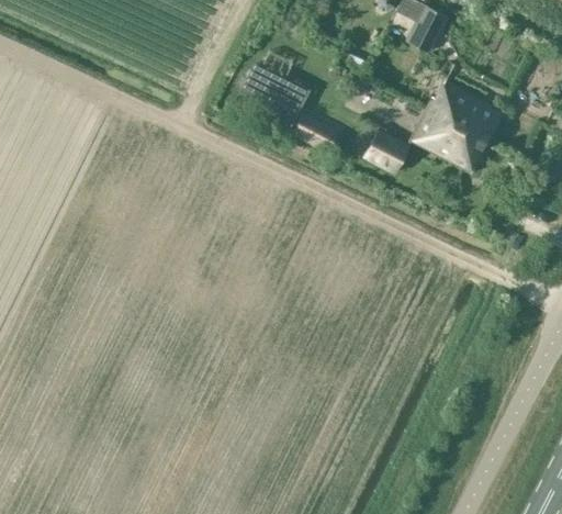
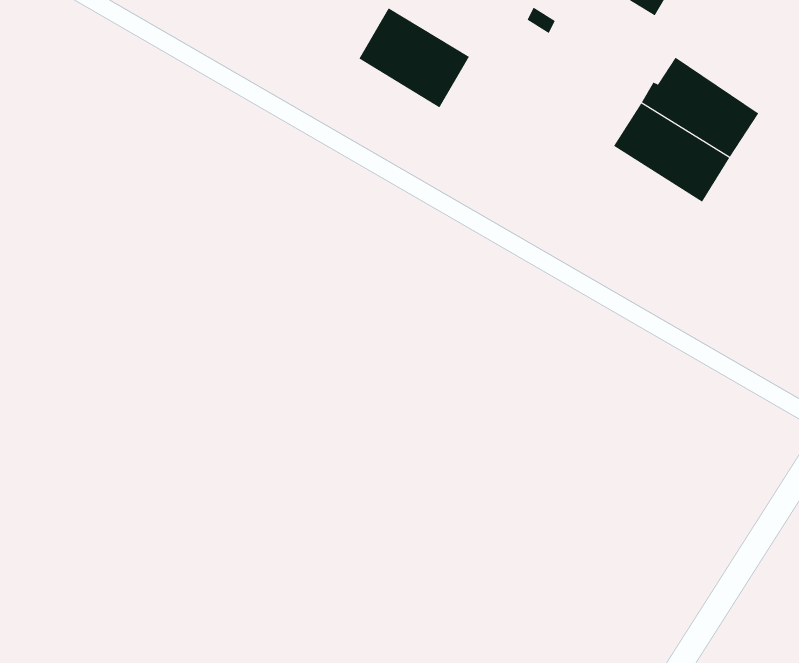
building: [291,114,329,146] -> none
building: [366,127,407,169] -> none

